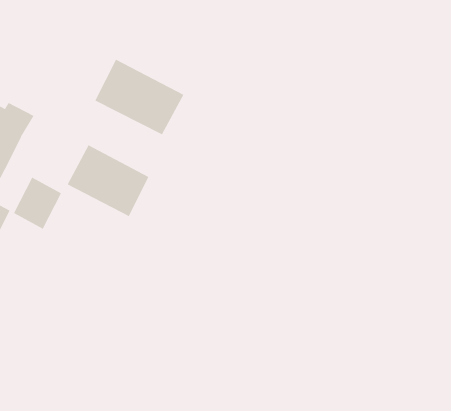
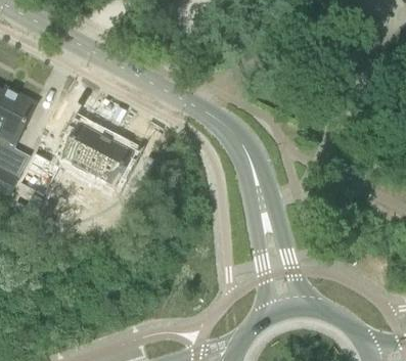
building: [95,59,184,135] -> none

